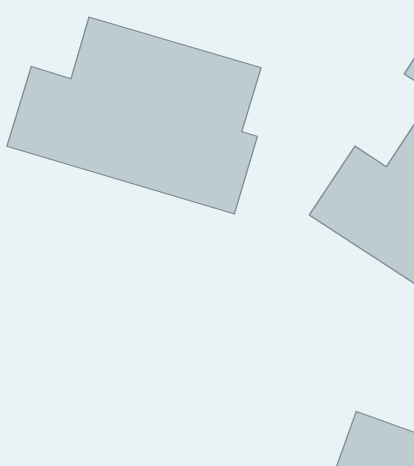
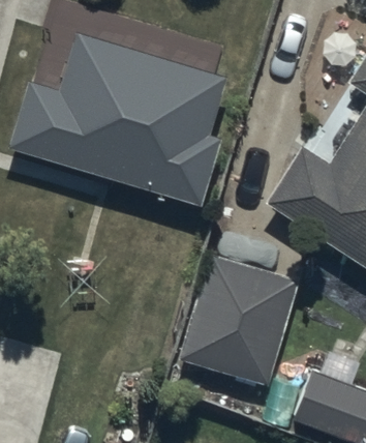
building: none -> [180,255,299,386]

